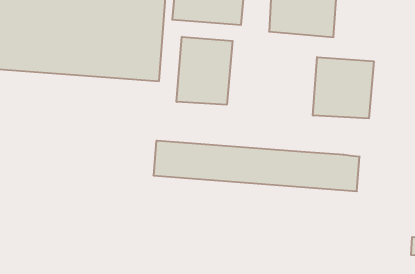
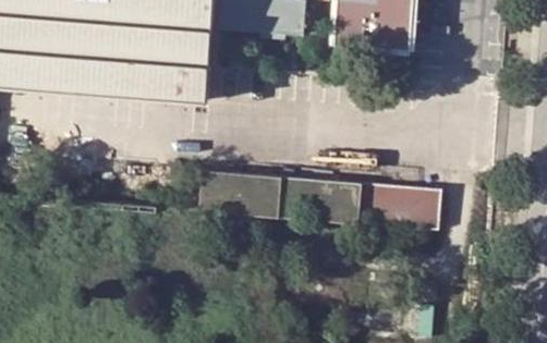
building: [177,37,233,105] -> none
building: [313,57,374,118] -> none

